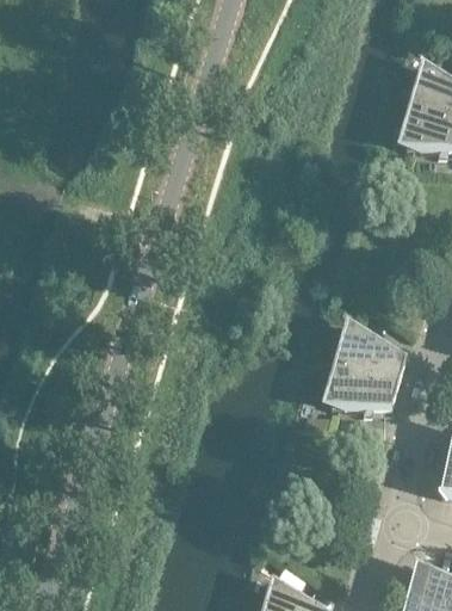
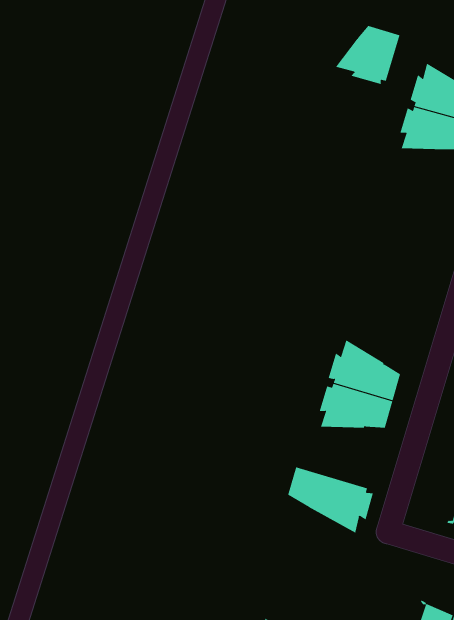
building: none -> [335,25,400,85]
building: none -> [288,466,373,533]

